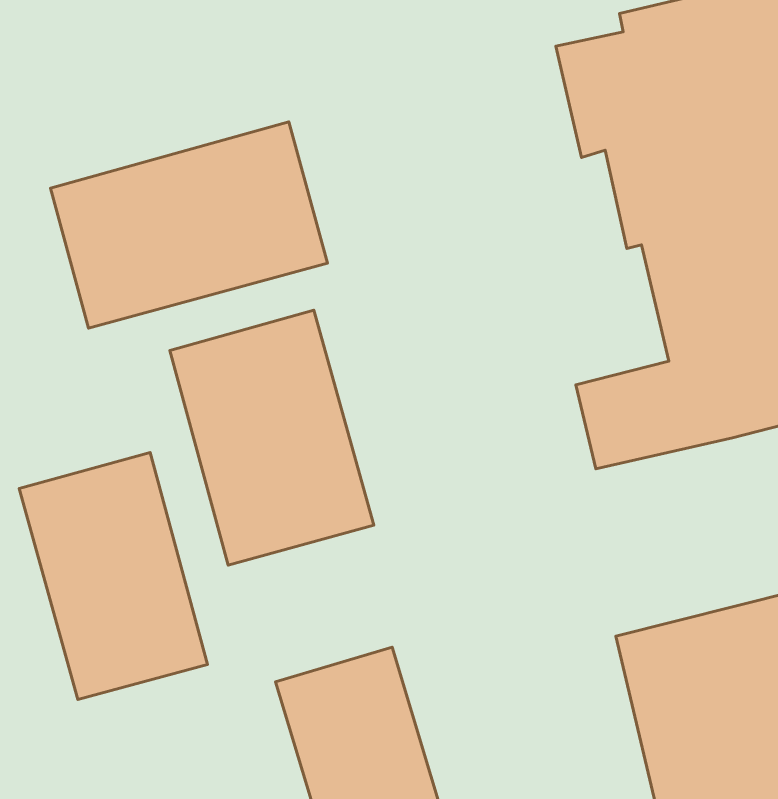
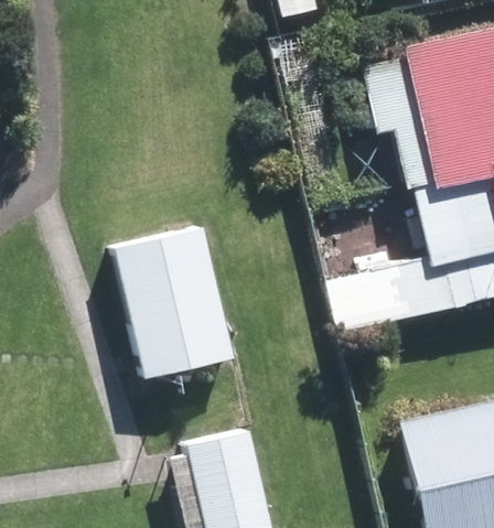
building: [51,122,328,328] -> none
building: [19,453,207,700] -> none

